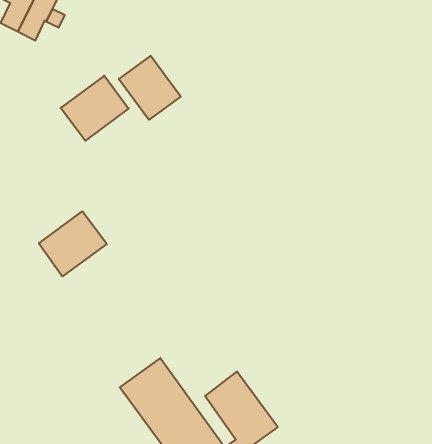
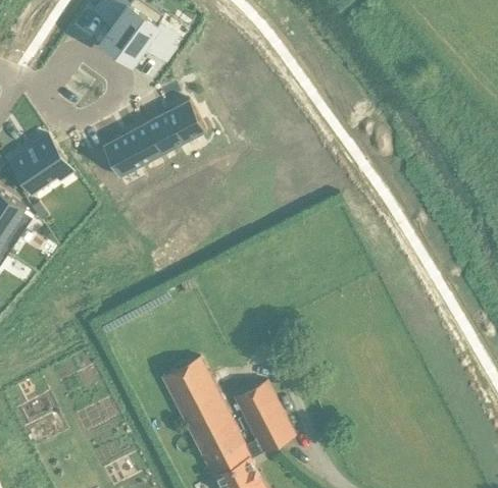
building: [119,56,181,120] -> none
building: [39,211,107,276] -> [102,122,162,177]

